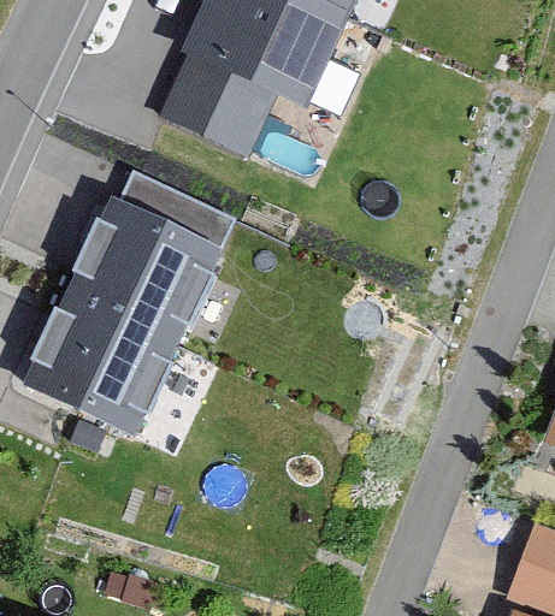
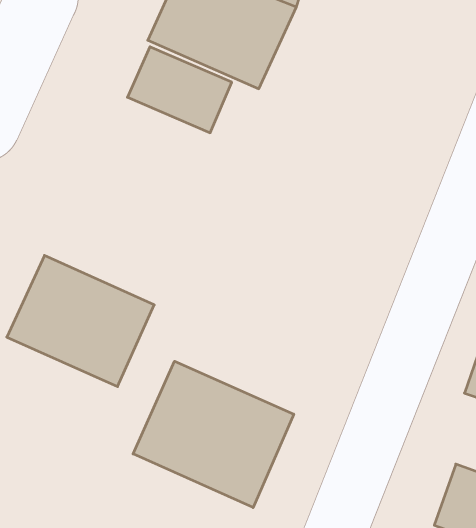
building: [67,197,232,344] -> none
building: none -> [133,361,294,508]

